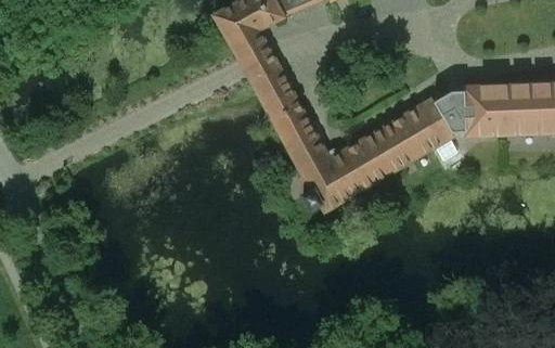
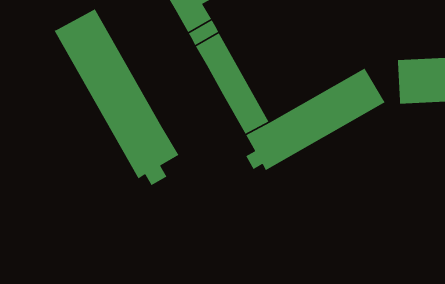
building: none -> [53,8,180,186]
building: [436,92,469,133] -> none

